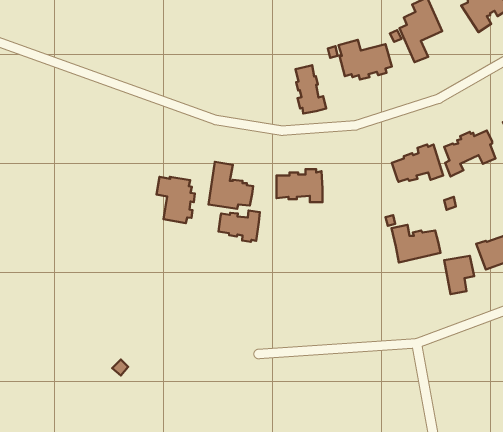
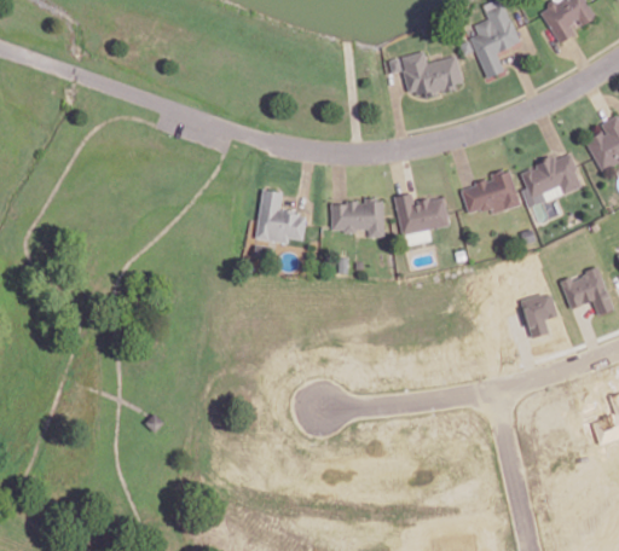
building: [295,65,326,113] -> none
building: [156,177,195,223] -> none
building: [218,210,260,242] -> none
building: [391,225,441,262] -> [393,193,449,236]

